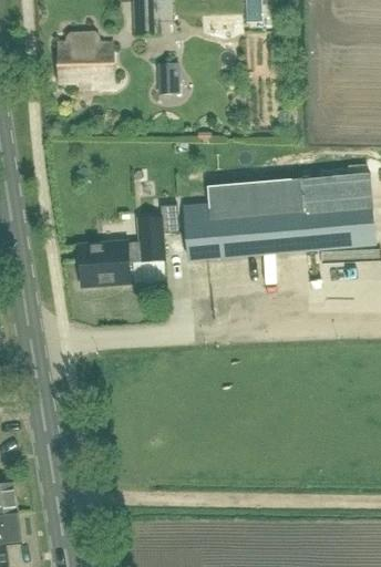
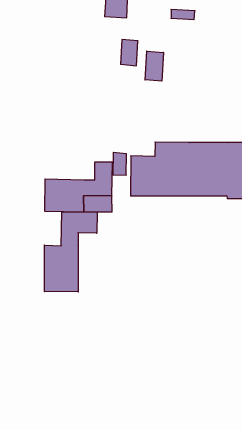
building: [59,34,115,87] -> none
building: none -> [145,51,163,81]
building: none -> [44,212,97,292]

